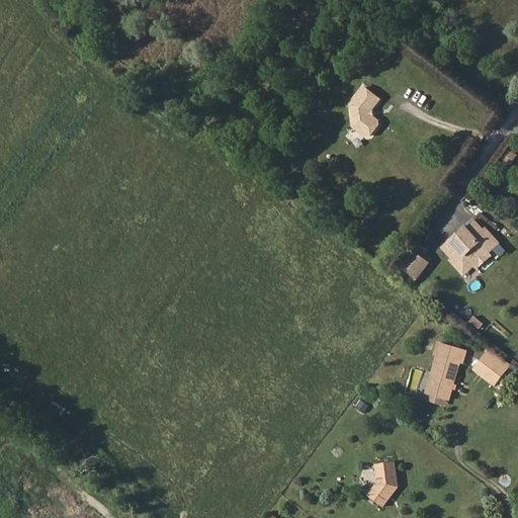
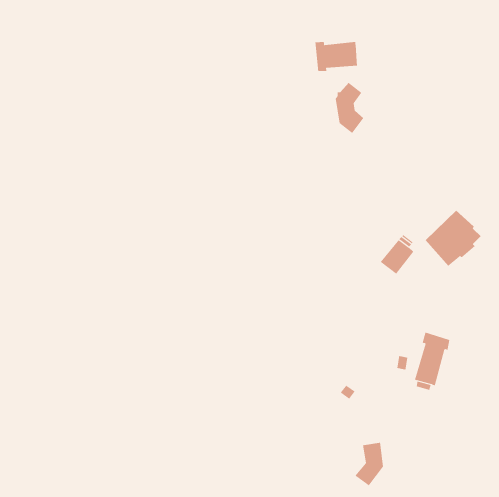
building: none -> [315,41,358,72]
building: [480,347,511,378] -> none

